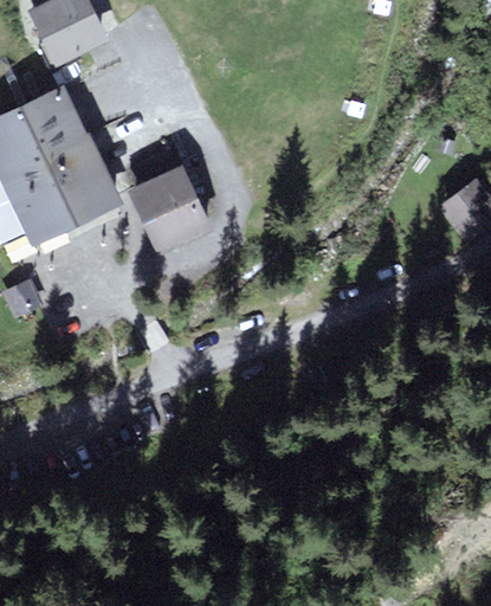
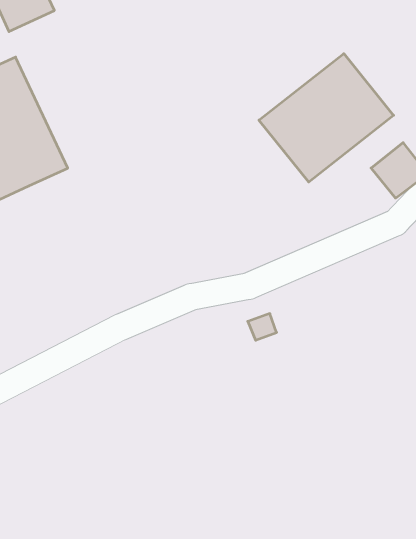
building: none -> [259,54,394,182]
building: [131,167,205,245] -> none

